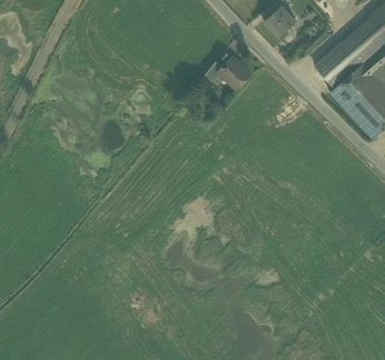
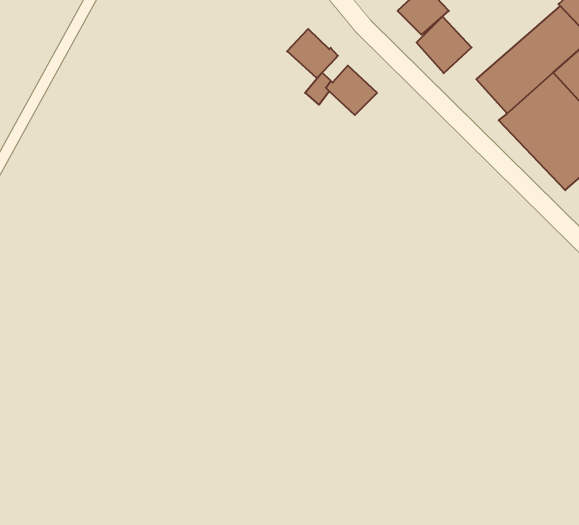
building: none -> [417,16,472,73]
building: none -> [287,29,338,78]

